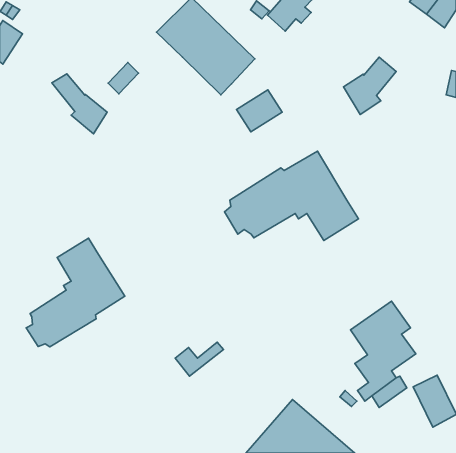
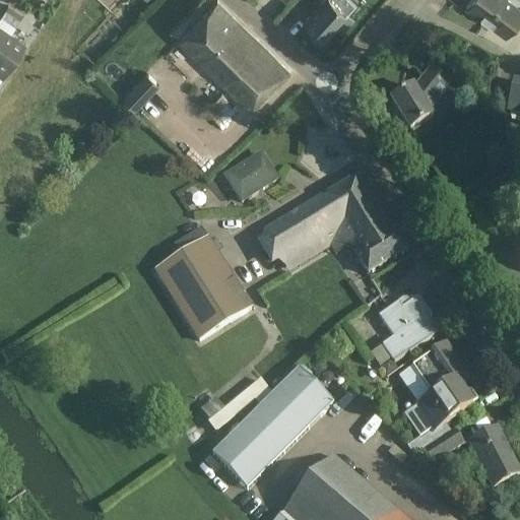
building: [52,74,107,134] -> none
building: [237,90,282,132] -> [224,151,276,199]
building: none -> [153,224,253,340]
building: [26,238,125,347] -> none
building: none -> [378,298,438,362]
building: none -> [211,367,333,488]

